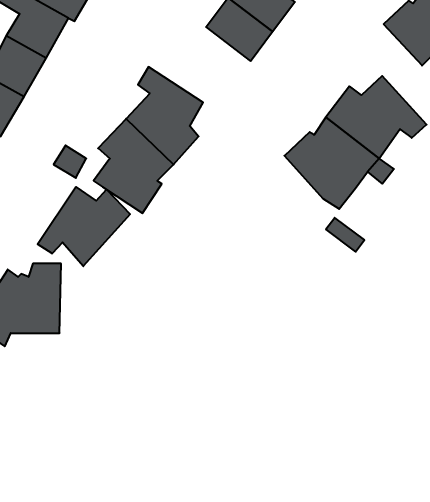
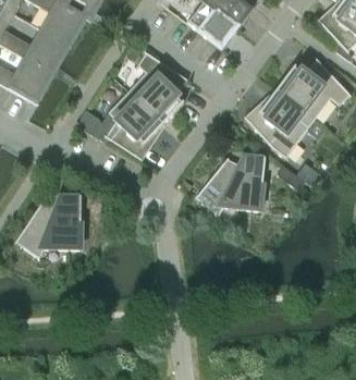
building: [38,187,130,266] -> none
building: none -> [196,152,266,216]

